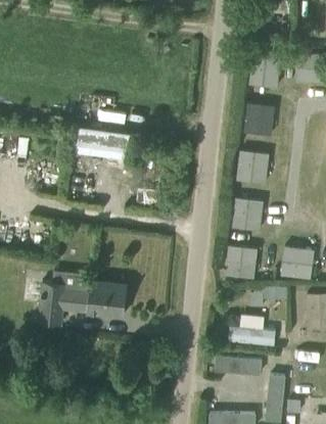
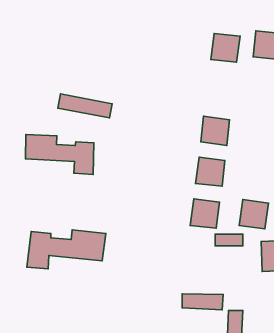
building: [241,102,275,136] -> none
building: none -> [26,134,94,174]
building: [228,314,276,344] -> none

